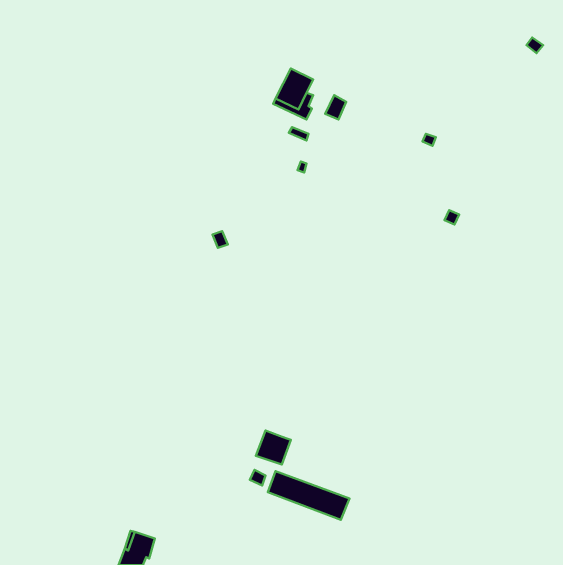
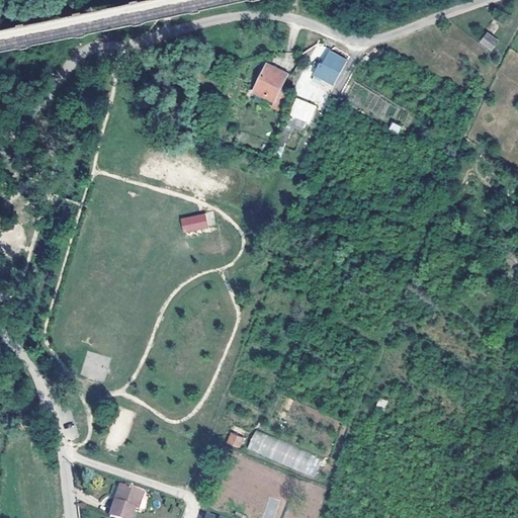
building: none -> [317,51,343,80]
building: [256,431,291,465] -> none

